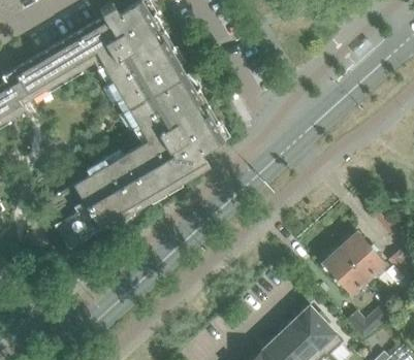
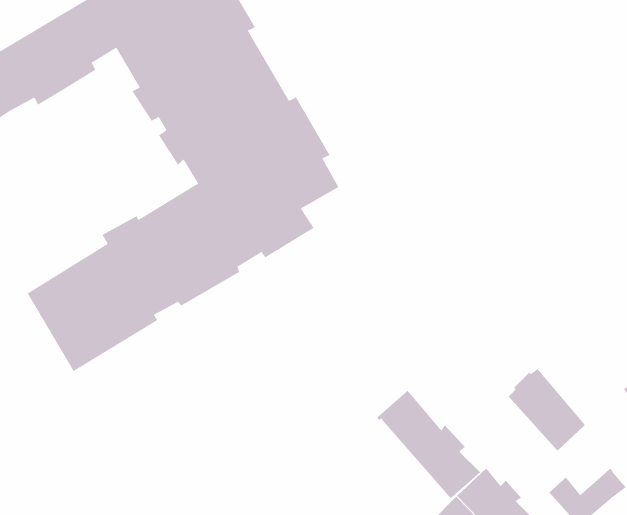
building: [340,231,386,280] -> none
building: none -> [375,390,481,499]

